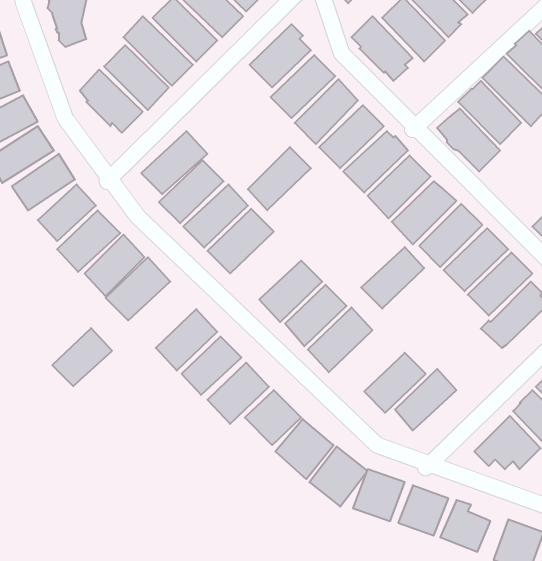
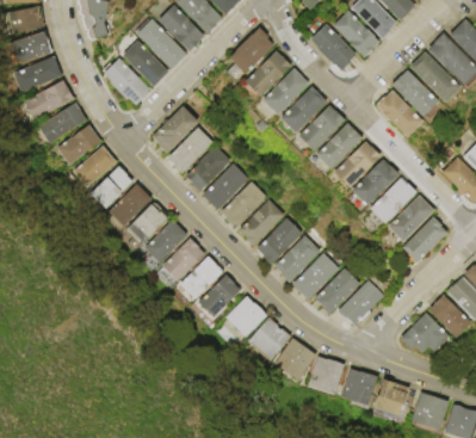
building: [248,147,311,210] -> [222,180,268,227]
building: [361,247,424,309] -> [293,253,340,298]
building: [52,328,112,386] -> [147,217,191,260]

